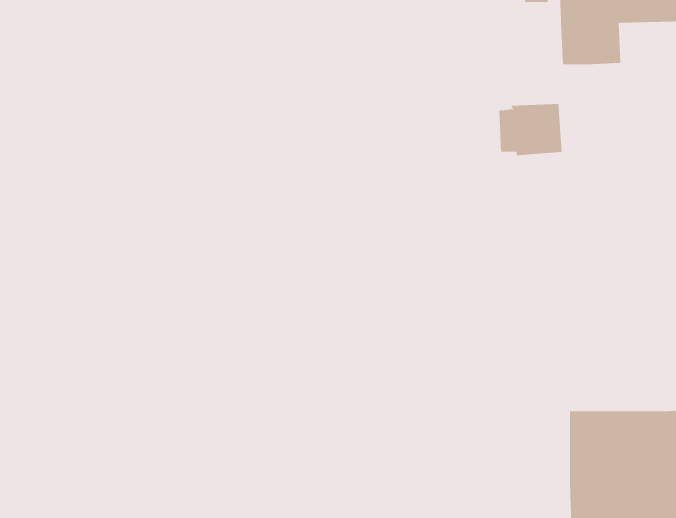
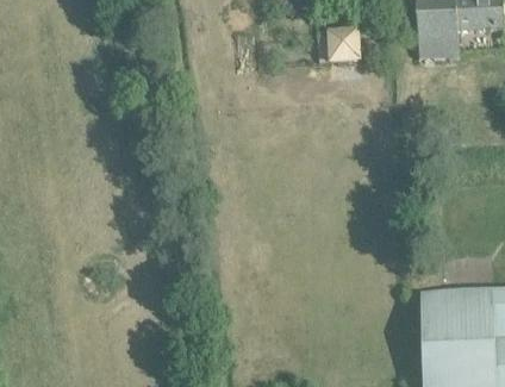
building: [498,104,563,156] -> [317,27,361,63]

